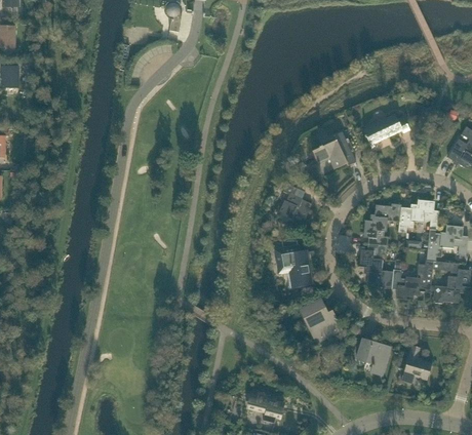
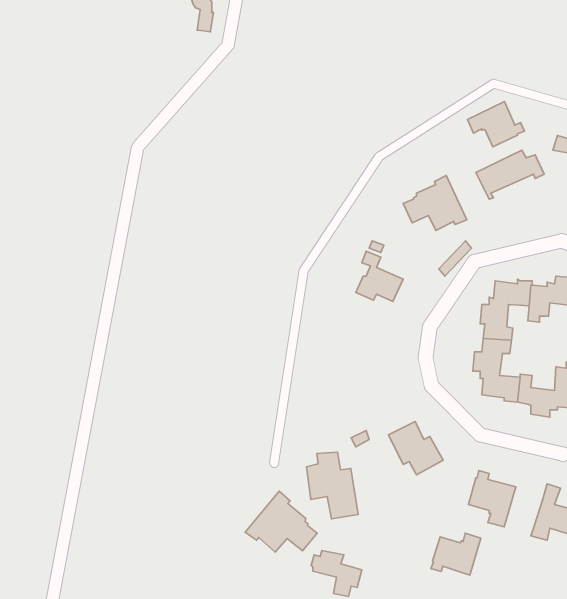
building: none -> [467,102,524,147]
building: [275,240,311,286] -> [306,452,358,519]
building: none -> [245,491,317,552]
building: none -> [431,533,481,575]

